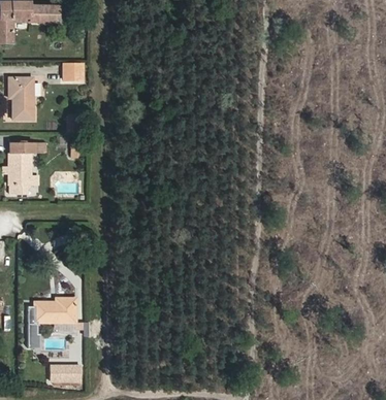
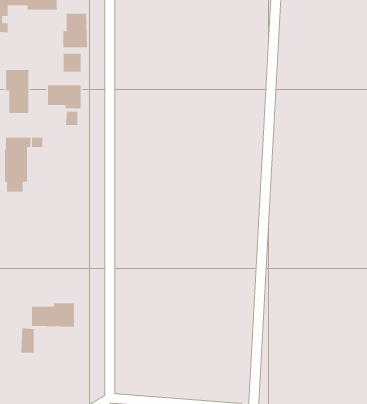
building: none -> [62,13,88,48]
building: none -> [47,84,82,109]
building: [49,365,81,380] -> none

